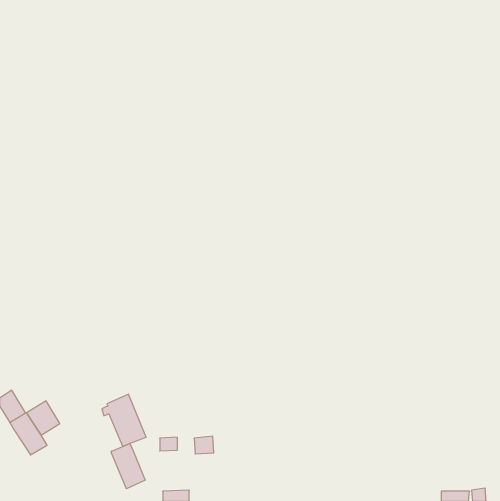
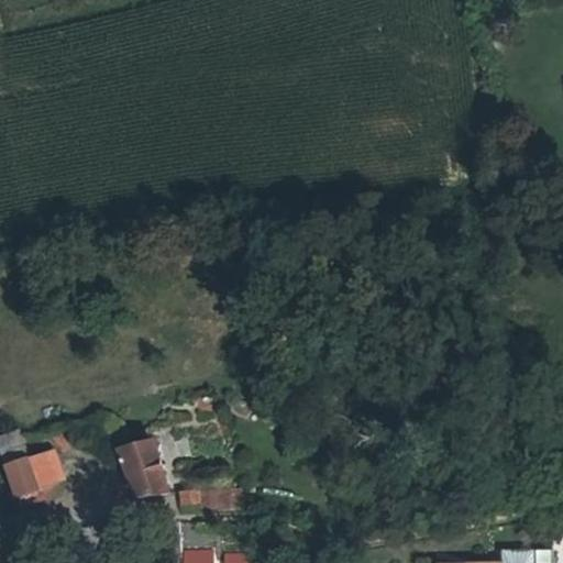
building: [111,443,145,489] -> none

